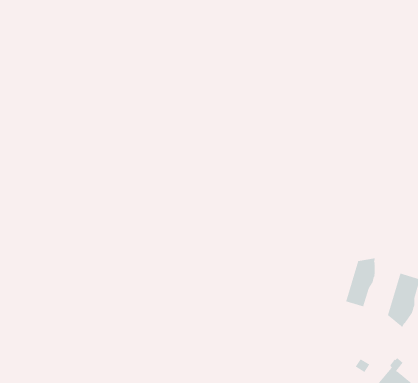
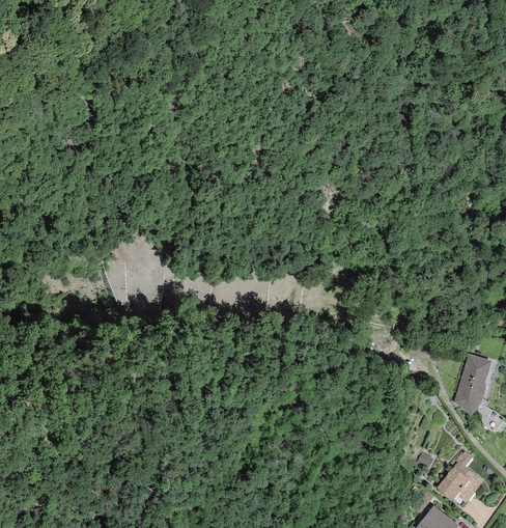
building: [346,258,375,307] -> none

